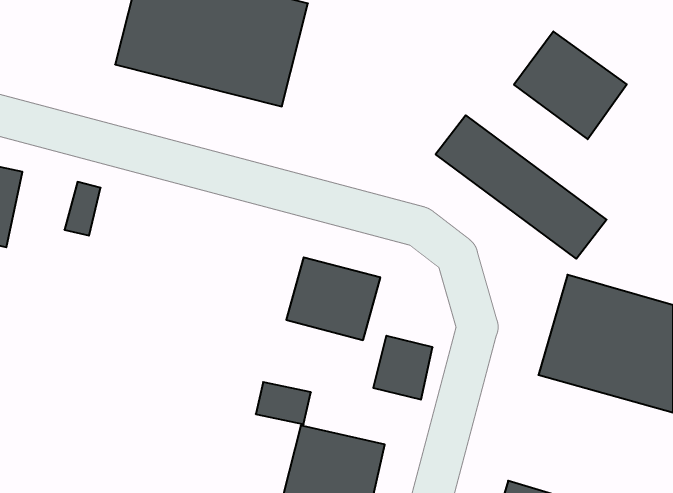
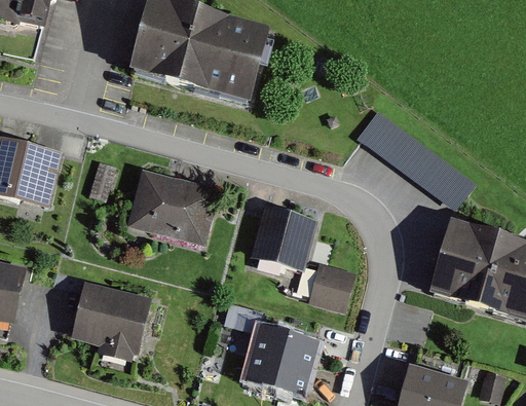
building: [514,31,627,139] -> none
building: none -> [128,172,218,246]
building: none -> [72,283,151,348]

